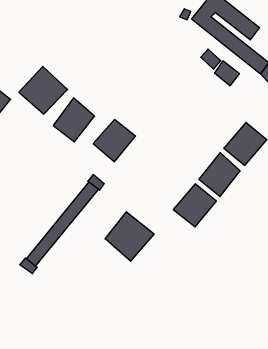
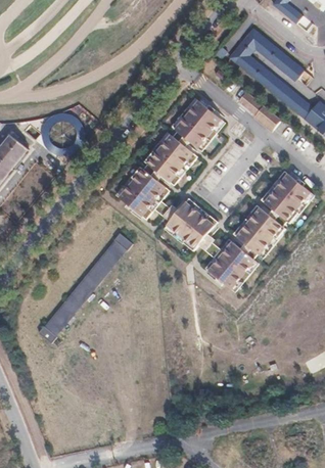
building: none -> [174,99,222,148]
building: [53,98,95,142] -> [147,133,193,182]
building: none -> [166,200,215,247]
building: [105,212,154,261] -> none

